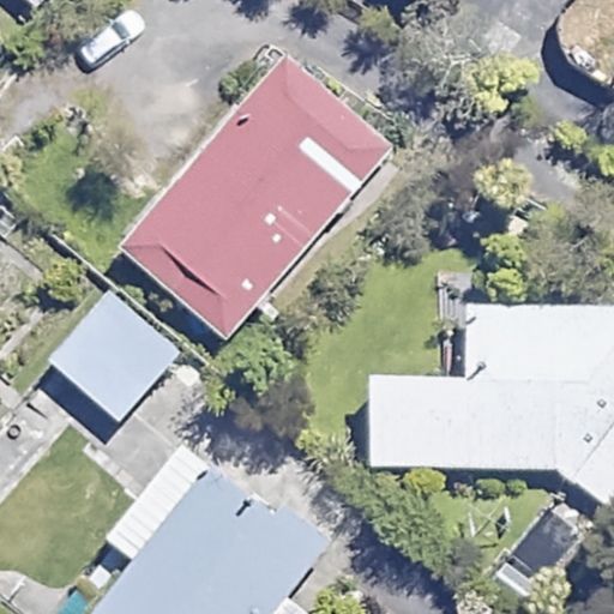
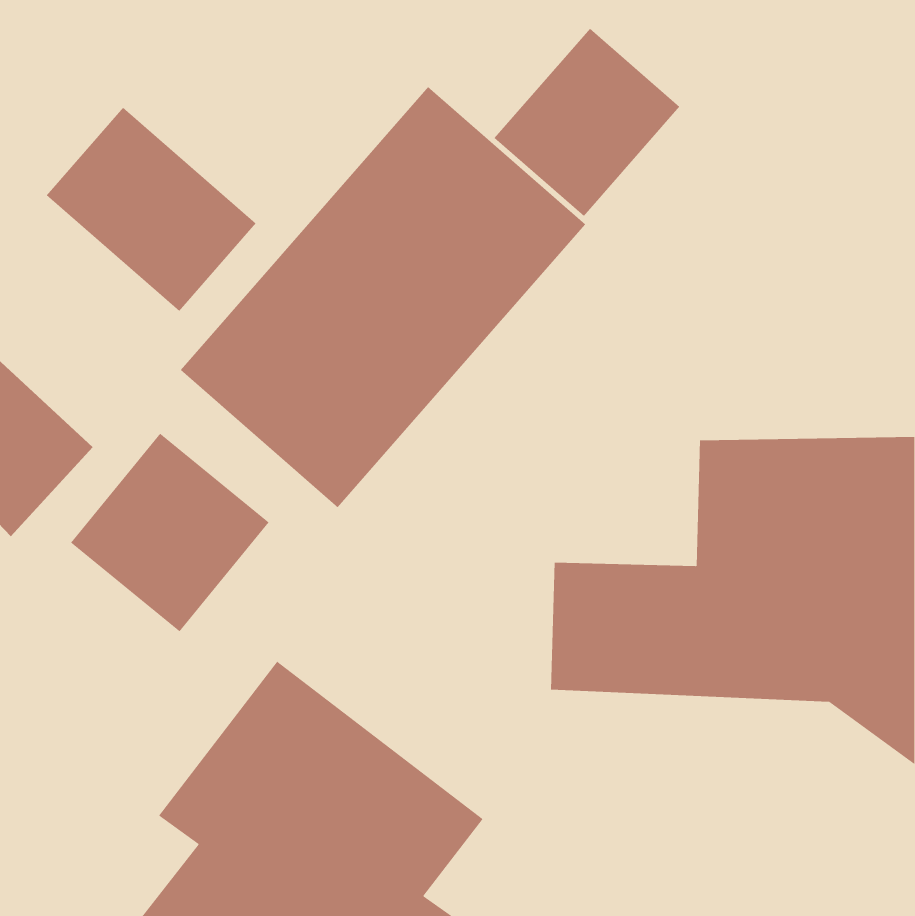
building: none -> [494,28,680,217]
building: none -> [46,107,257,312]

